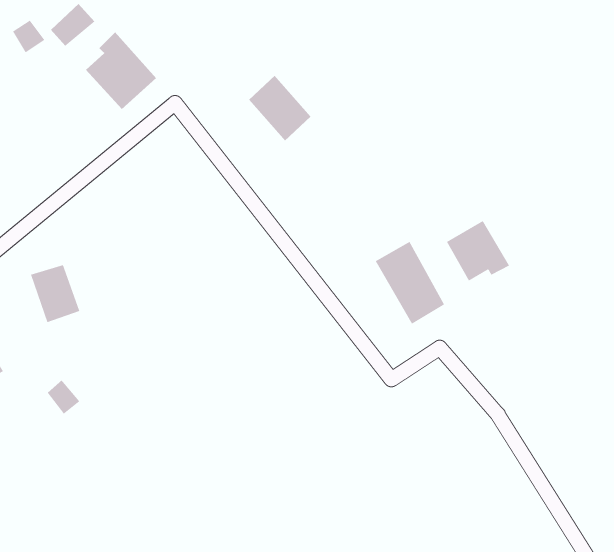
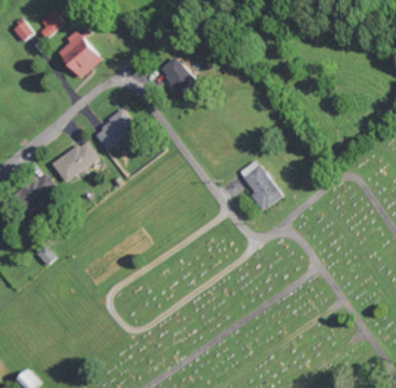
building: none -> [94,111,136,149]
building: none -> [50,139,99,184]
building: [446,220,510,281] -> none

